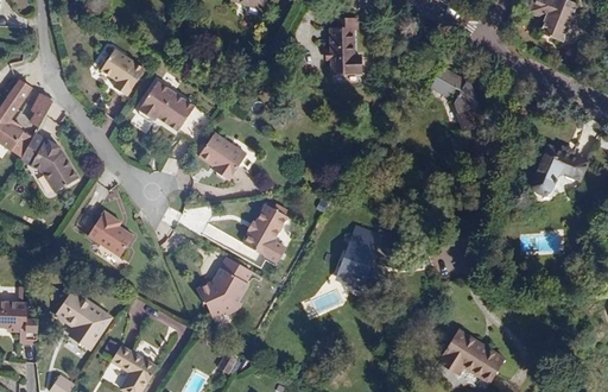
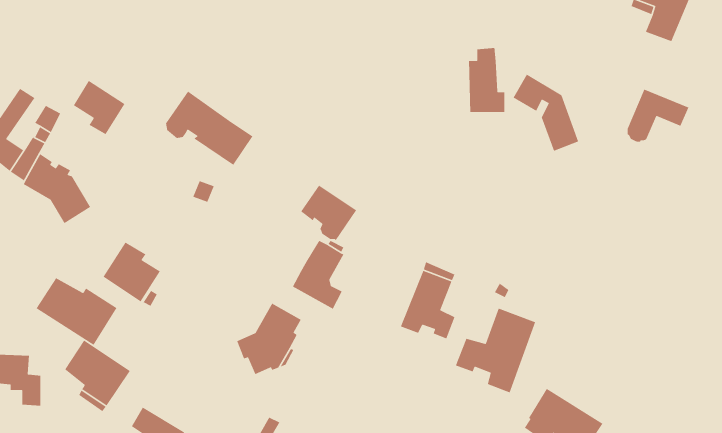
building: [329,17,360,71] -> [468,47,505,113]
building: [100,48,144,94] -> [73,80,126,135]
building: [198,132,246,179] -> [300,184,357,241]
building: [533,145,585,190] -> [627,89,689,143]
building: none -> [36,277,118,346]
building: none -> [455,307,536,393]

